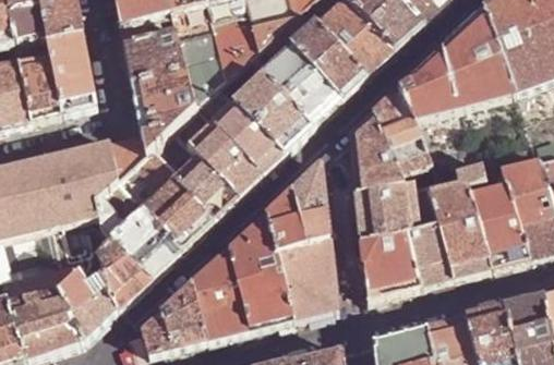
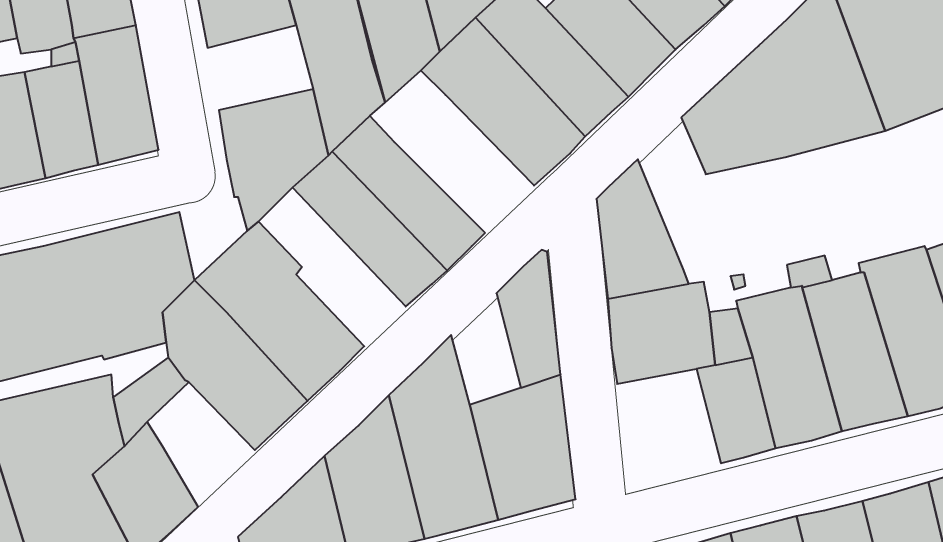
building: [127,31,188,80] -> none
building: [234,71,315,150] -> none
building: [375,84,432,171] -> none
building: [156,124,241,216] -> none
building: [110,130,149,178] -> none
building: [267,185,308,250] -> none
building: [363,229,423,296] -> none
building: [92,236,154,308] -> none

